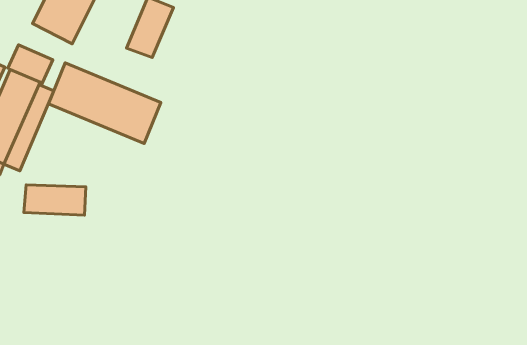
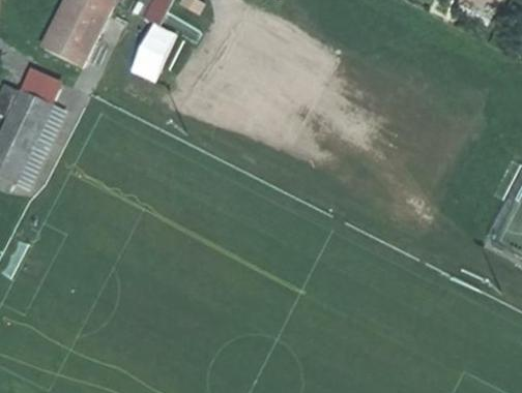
building: [49,63,161,144] -> none
building: [24,185,86,215] -> none

